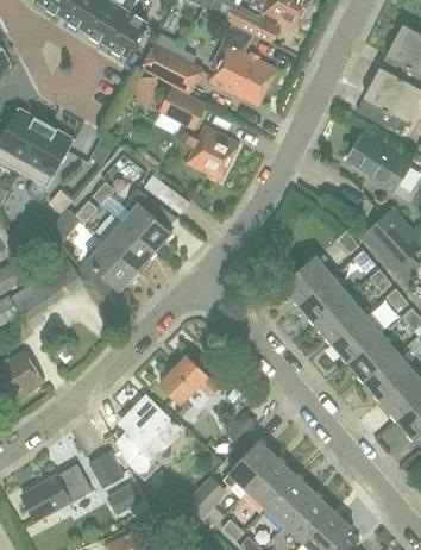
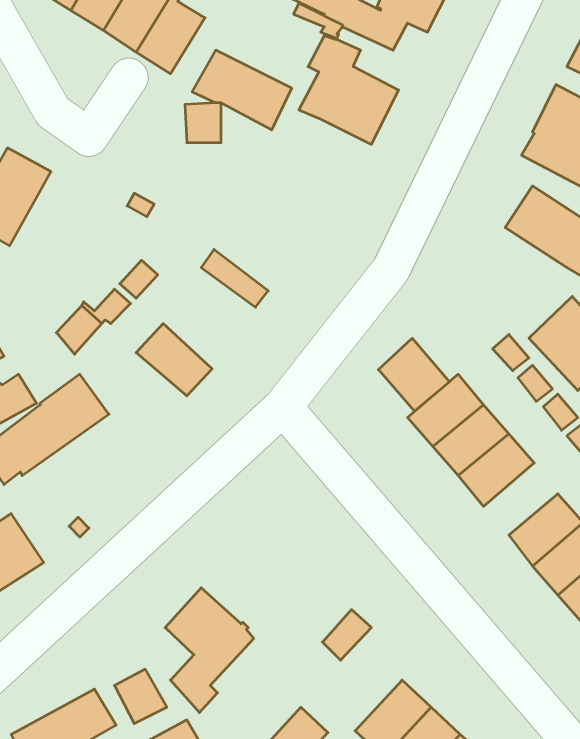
building: [159,87,207,130] -> none
building: [19,123,75,188] -> none
building: [184,126,238,181] -> none
building: [120,188,177,252] -> none
building: none -> [378,338,450,411]
building: [80,242,136,299] -> none
building: [331,314,379,362] -> none
building: [158,354,222,402] -> none
building: [222,440,277,490] -> none

